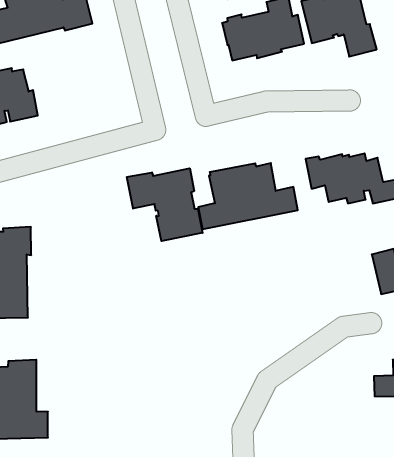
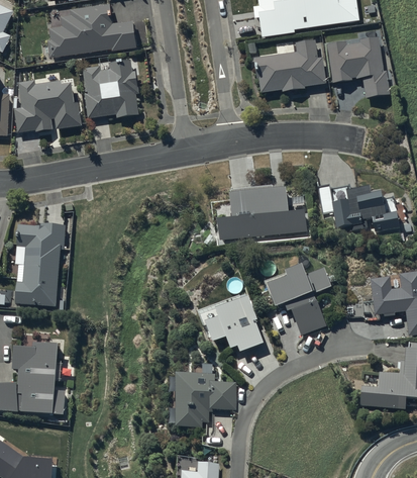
building: none -> [83,60,139,124]
building: [127,168,203,241] -> none
building: none -> [263,265,334,336]
building: none -> [197,293,263,352]
building: none -> [177,373,235,427]

